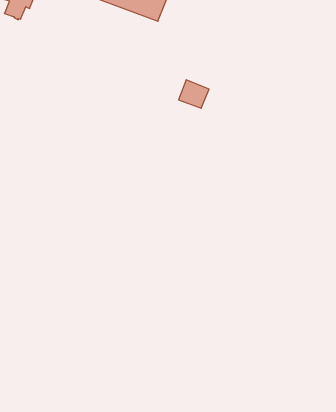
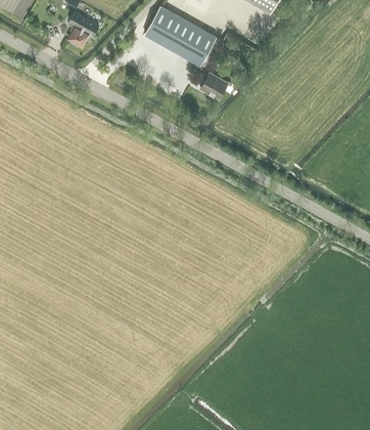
building: [179,80,209,108] -> [200,73,228,99]

